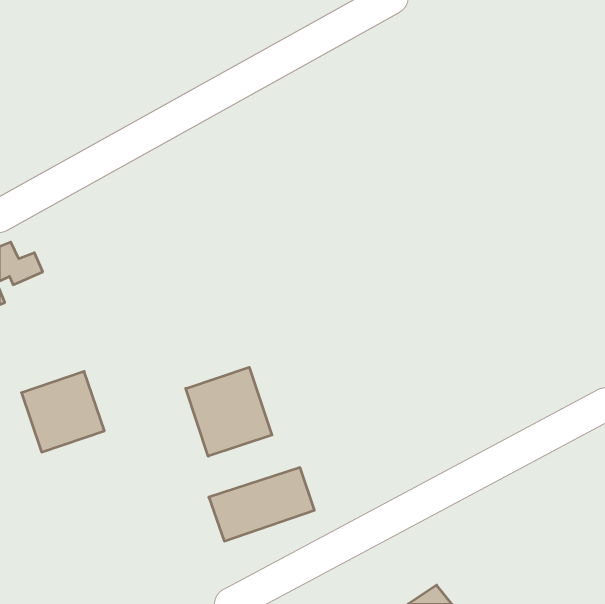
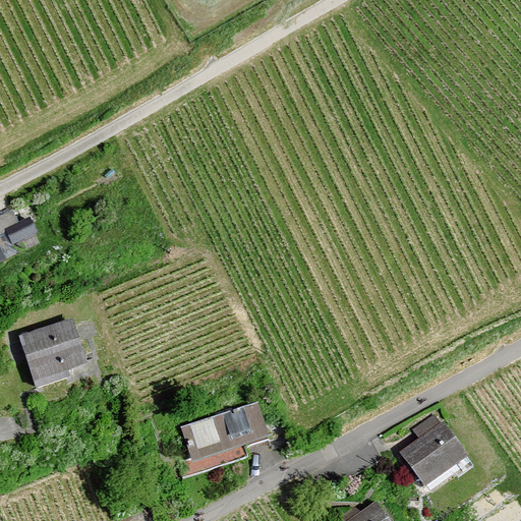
building: [186,367,272,456] -> none
building: none -> [398,422,468,489]

